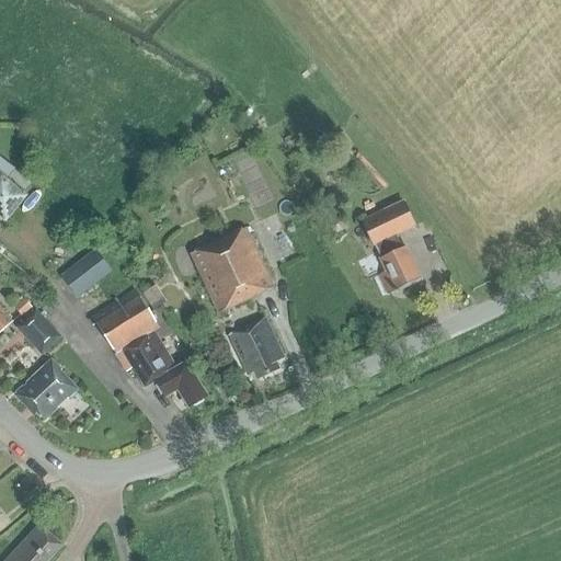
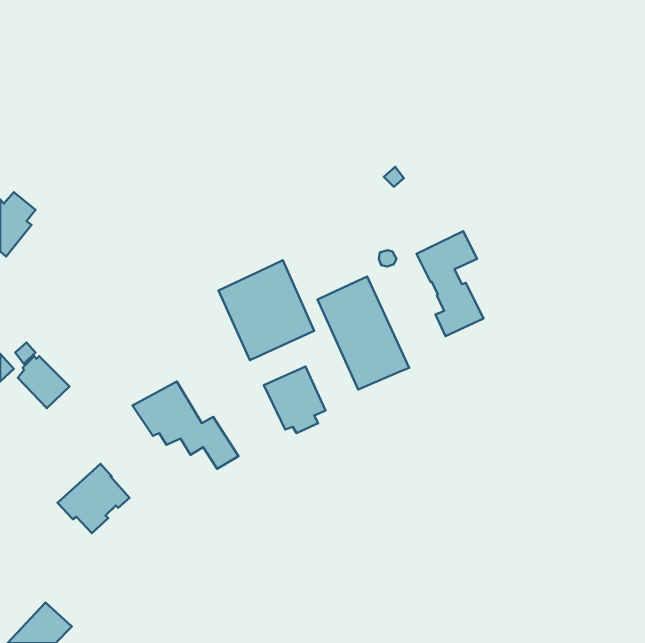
building: none -> [317,277,409,390]
building: [58,248,112,298] -> none
building: [92,288,158,352] -> none
building: [14,358,77,419] -> [58,464,130,533]

